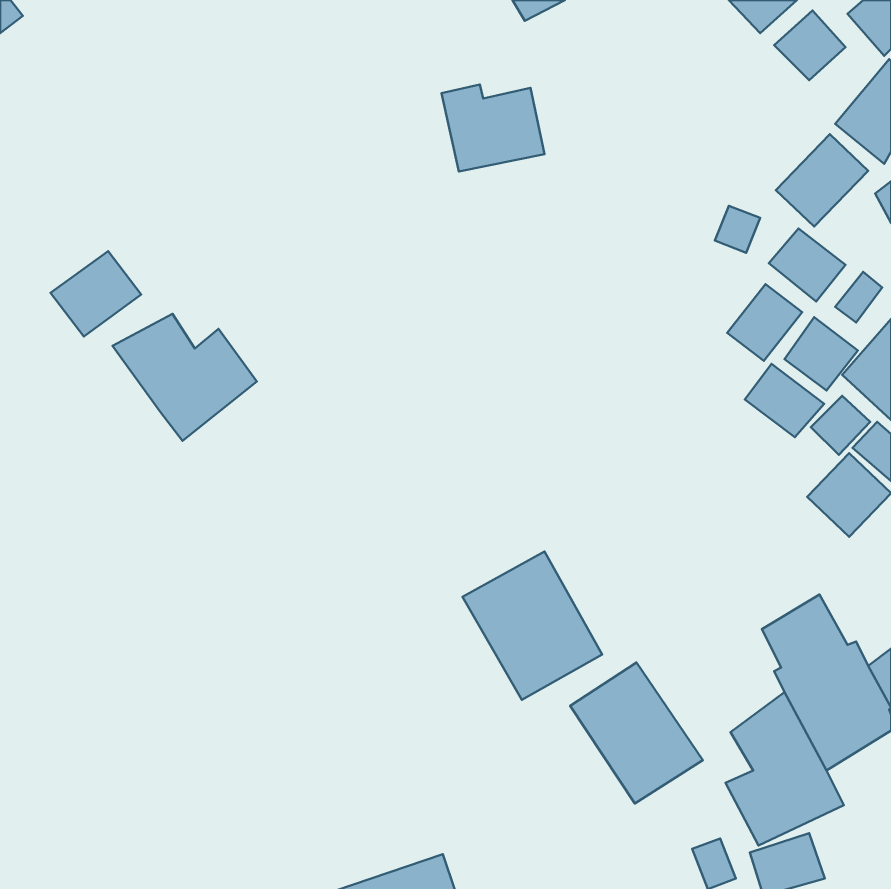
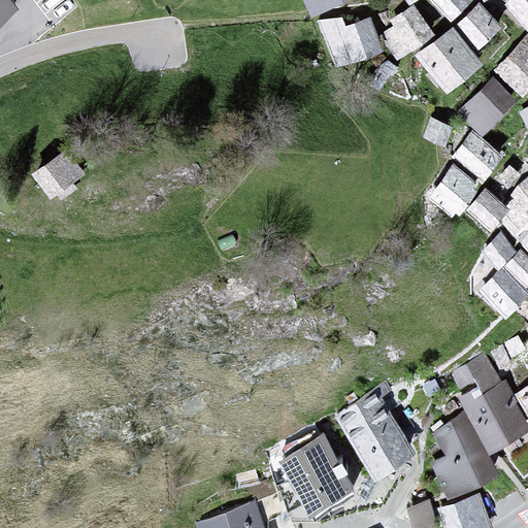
building: none -> [387,8,432,54]
building: none -> [418,27,481,91]
building: [441,84,544,172] -> [323,11,384,63]
building: [113,314,257,441] -> none
building: [745,364,824,437] -> none
building: [463,552,602,700] -> [275,429,358,517]

